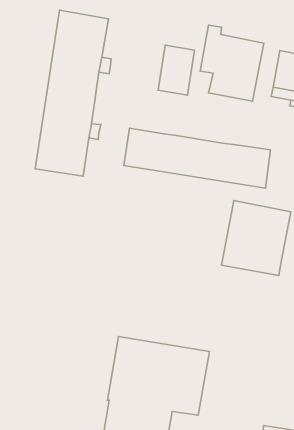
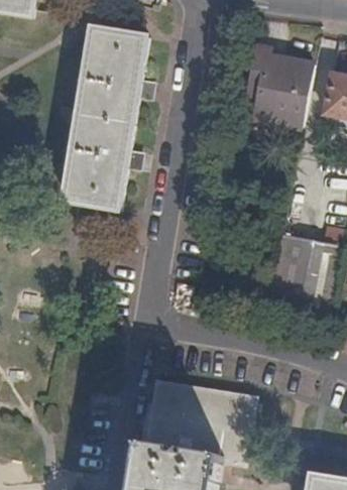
building: [158,45,195,95] -> none
building: [124,128,271,188] -> none

